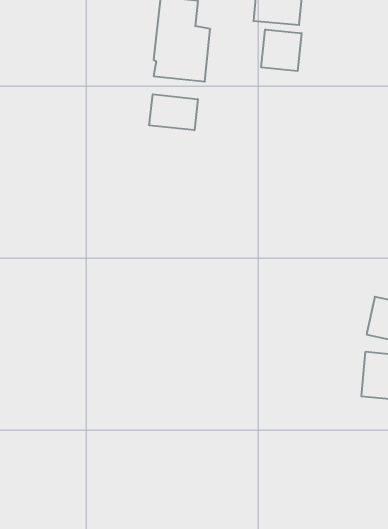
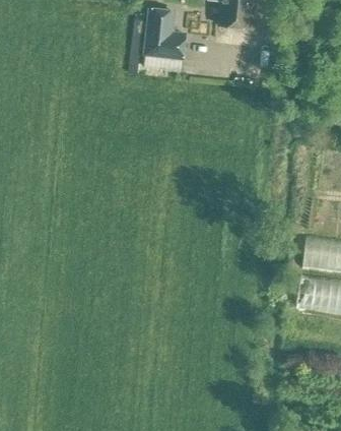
building: [261,29,302,71] -> none
building: [149,94,198,130] -> none

